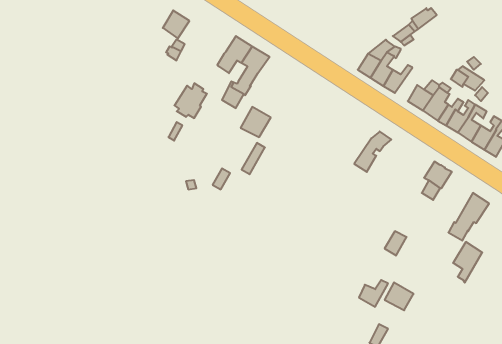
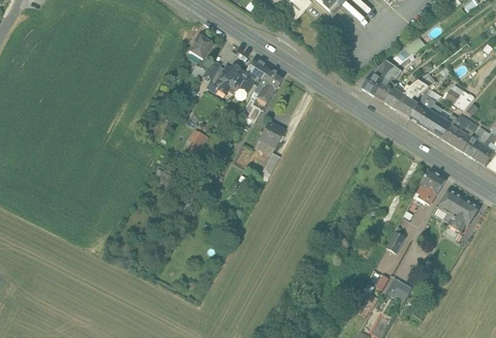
building: [174,83,207,118] -> [215,63,244,94]
building: [354,131,391,172] -> [396,79,429,115]
building: [453,242,482,283] -> [439,187,465,223]

